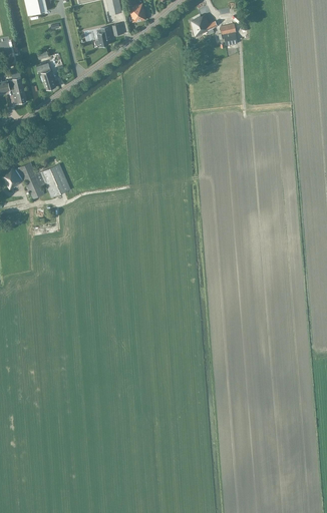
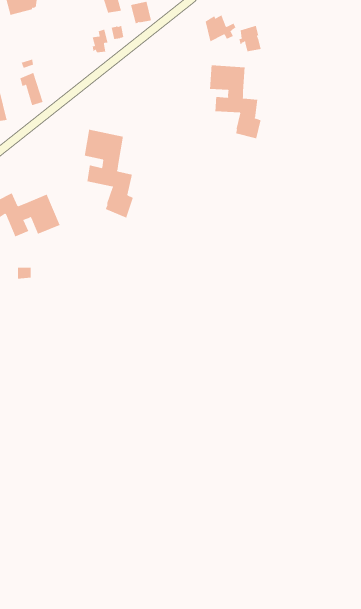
building: none -> [210,65,261,139]
building: none -> [84,129,134,219]

